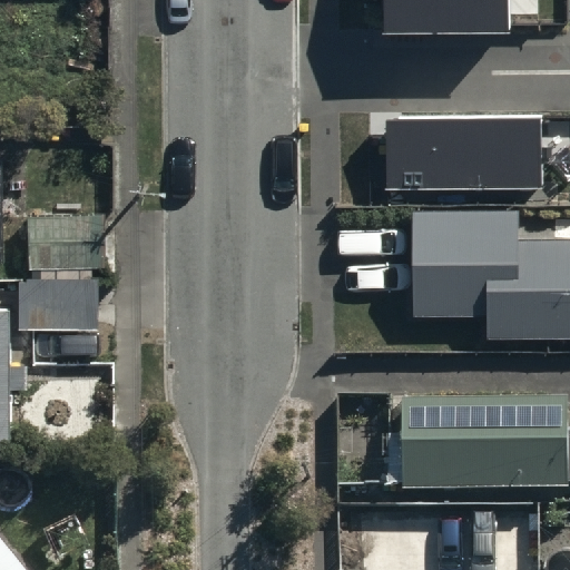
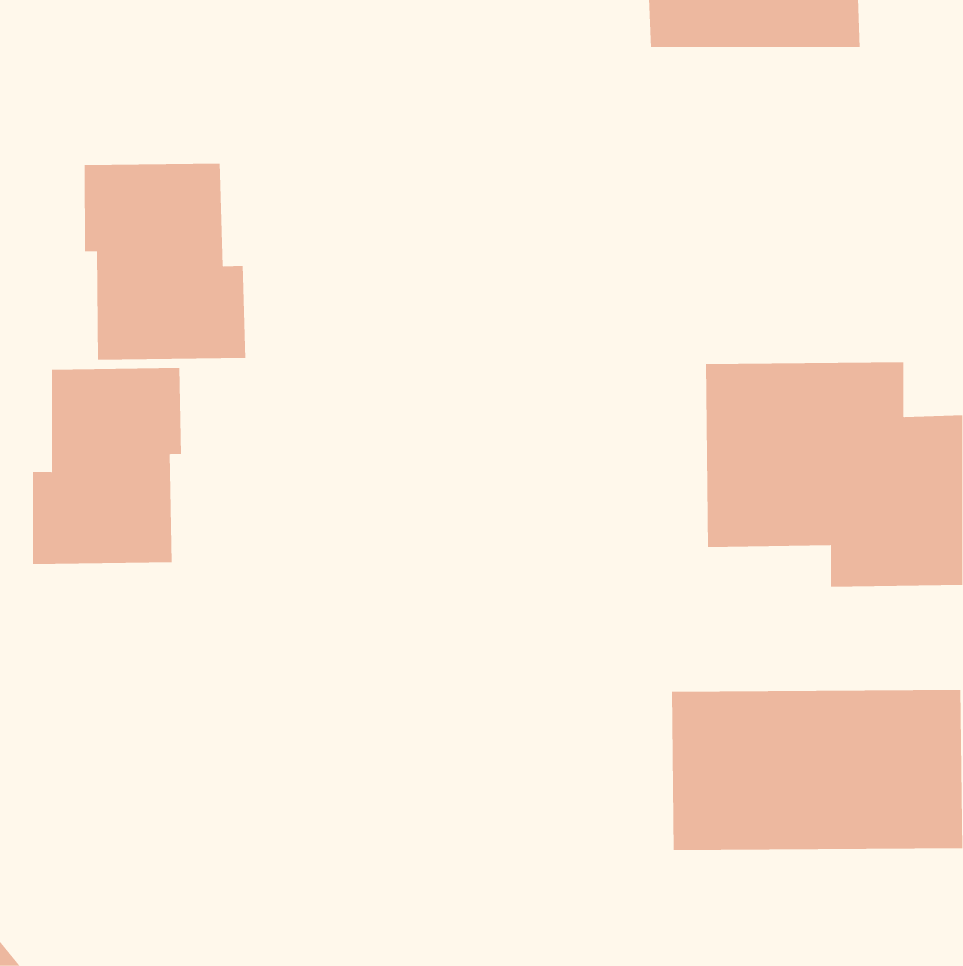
building: none -> [84,163,246,361]
building: [386,116,538,187] -> none

